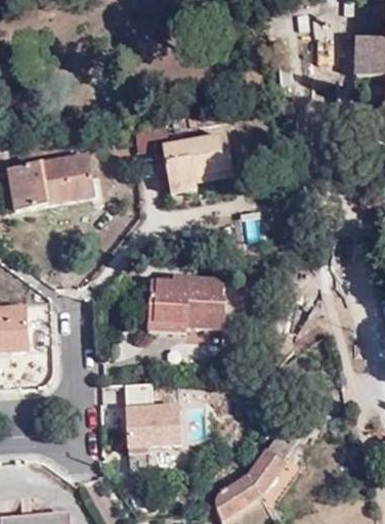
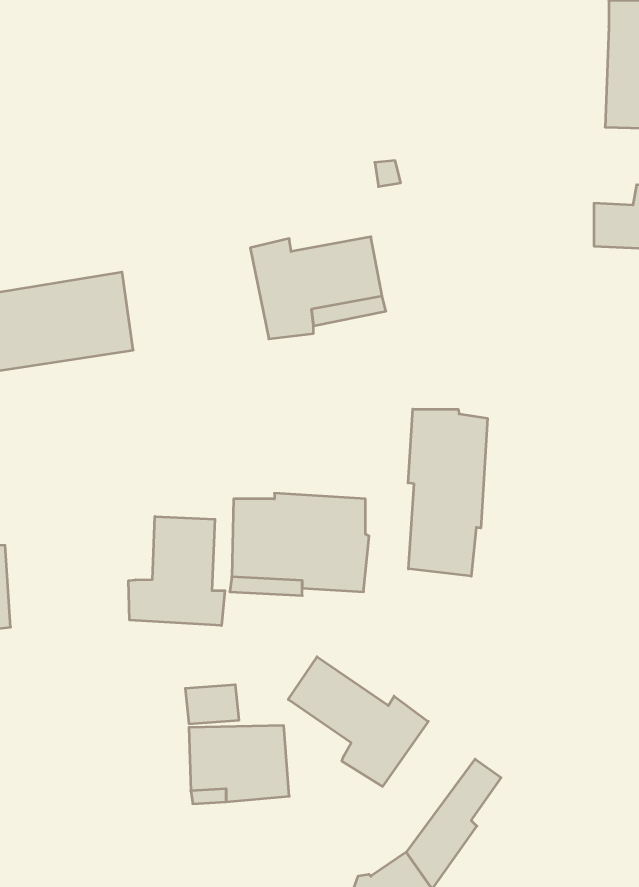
building: none -> [408,409,487,576]
building: none -> [129,516,225,626]
building: none -> [288,657,428,786]

